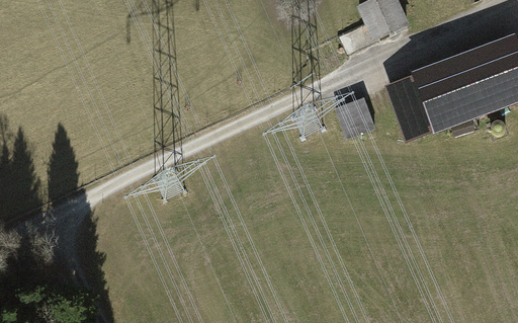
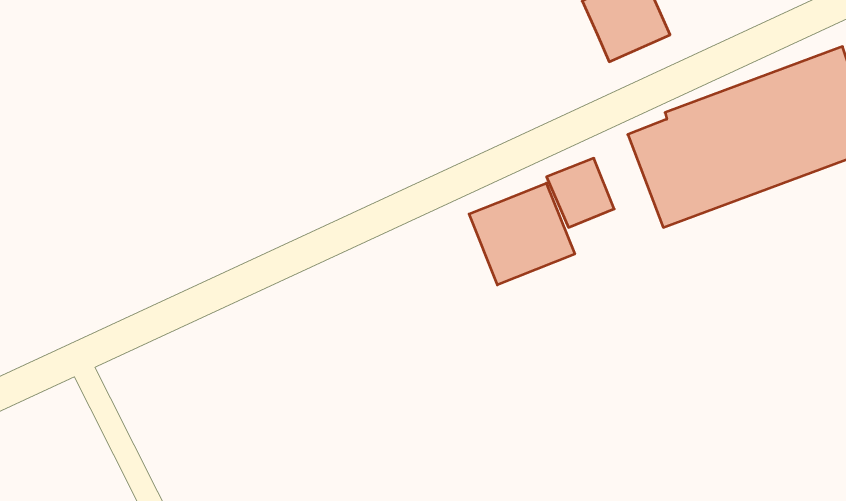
building: none -> [469,183,575,285]

